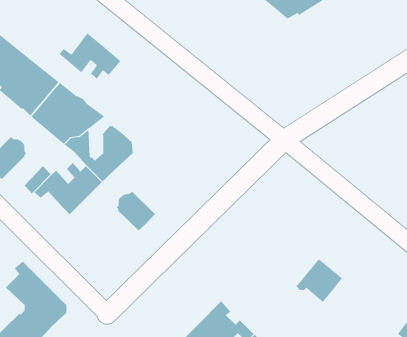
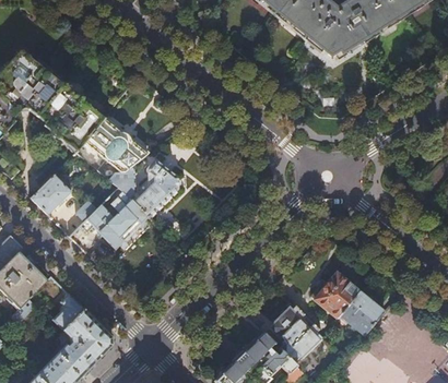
building: [59,32,121,79] -> none
building: [116,191,156,231] -> none
building: none -> [311,272,359,318]
building: none -> [263,303,321,363]

